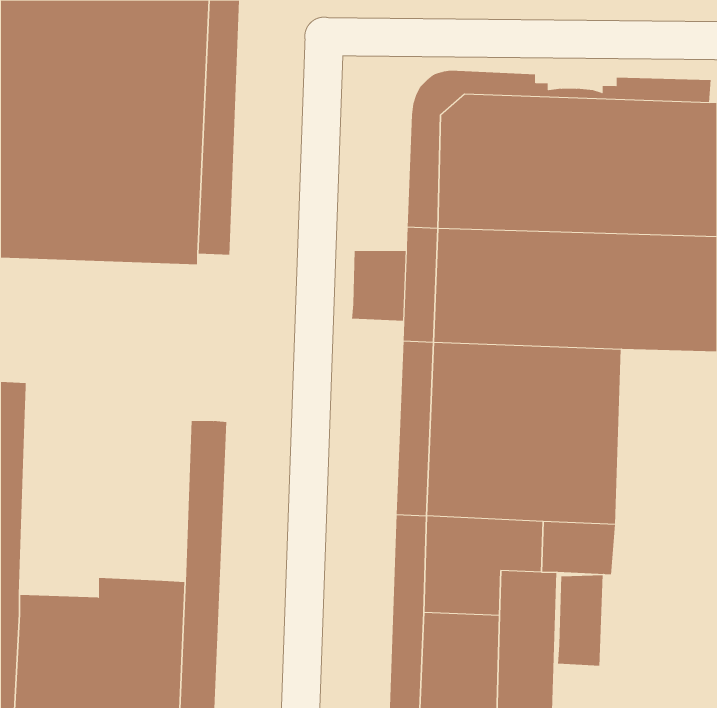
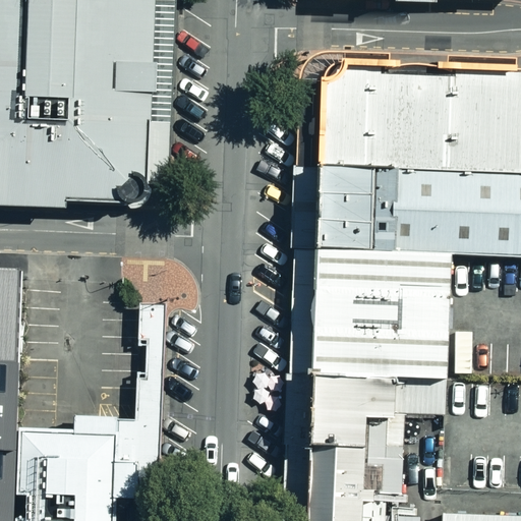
building: [352,250,406,322] -> none
building: [558,574,603,667] -> none

